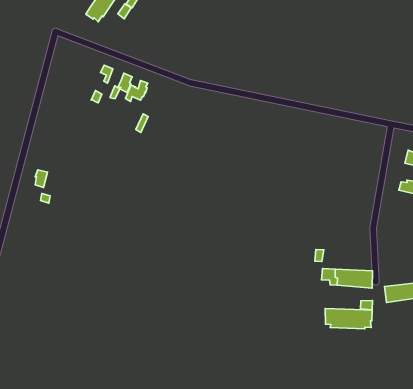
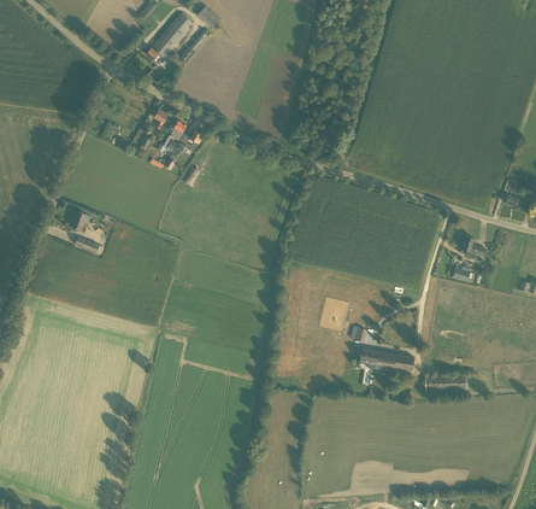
building: [325,309,372,329] -> none

